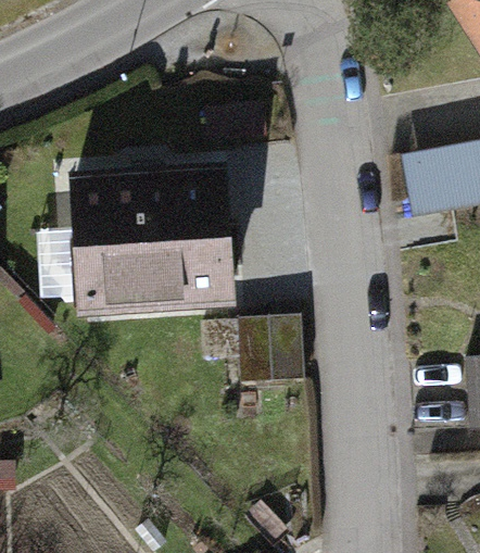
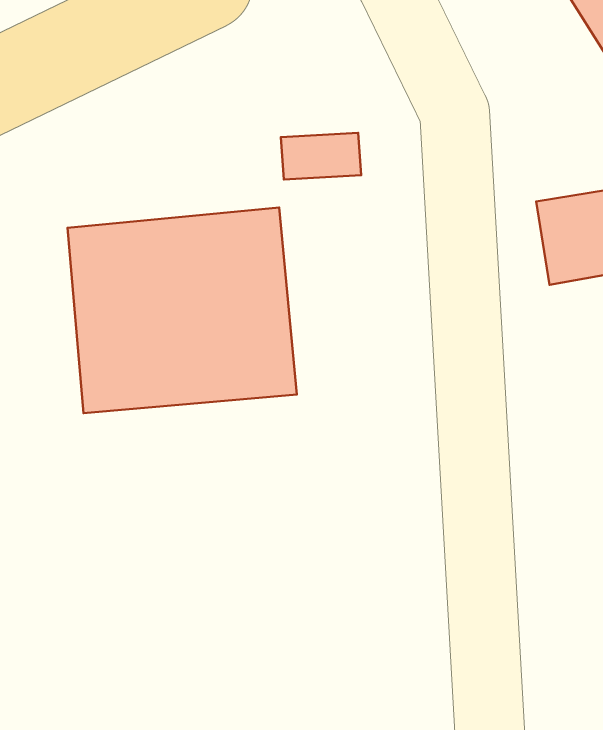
building: [245,310,315,381] -> none

